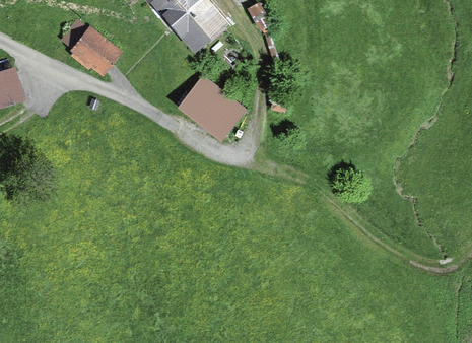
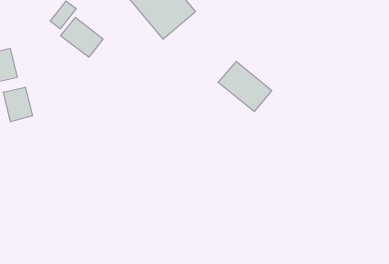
building: [181,76,244,135] -> [218,61,272,112]
building: none -> [4,87,32,122]

